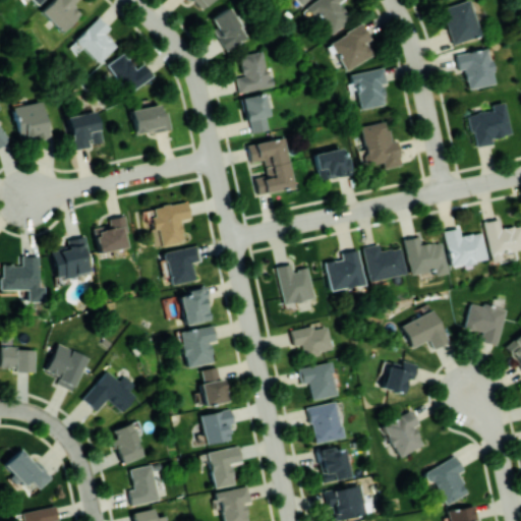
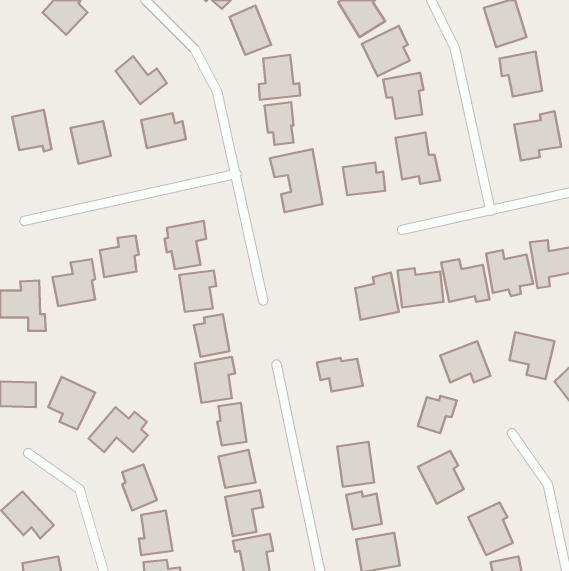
building: [76,17,118,64] -> none
building: [277,264,315,305] -> none
building: [300,362,338,400] -> none

